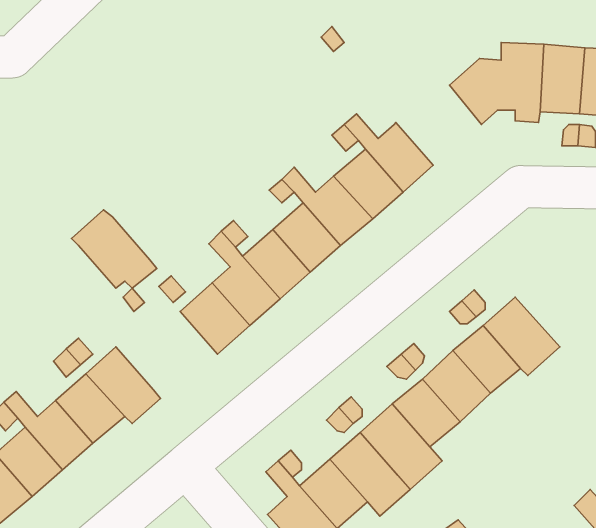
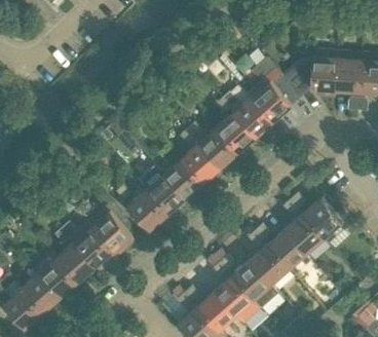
building: none -> [245,59,301,122]
building: [71,210,157,288] -> [86,207,136,252]

